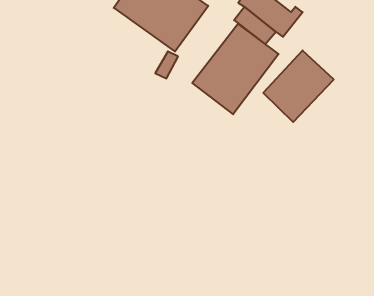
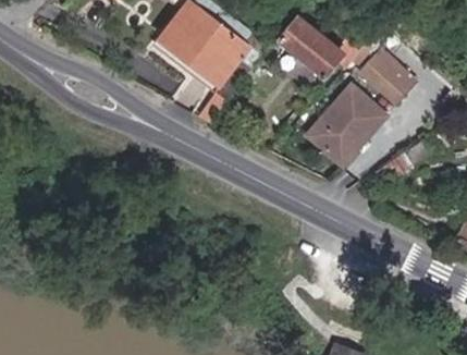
building: none -> [361,51,417,105]
building: [192,24,279,114] -> none

